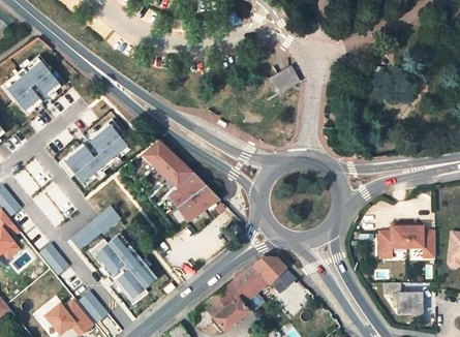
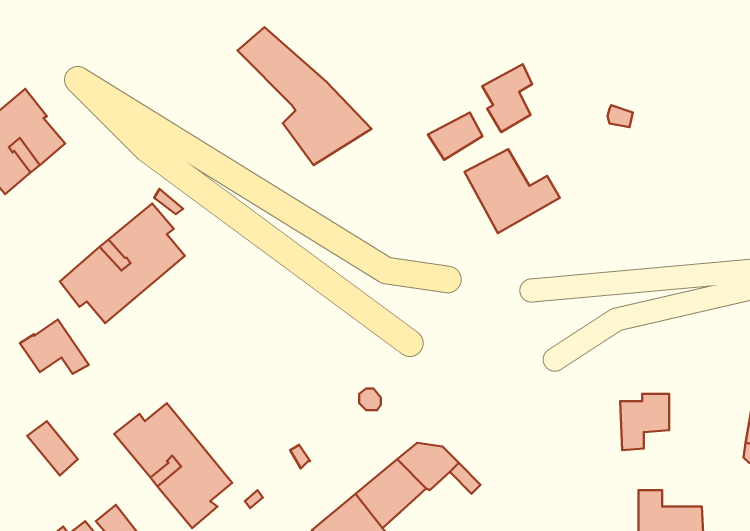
building: none -> [482,64,532,132]
building: none -> [465,149,560,233]
building: [142,141,218,219] -> [237,27,372,165]
building: [70,206,120,250] -> none
building: [405,226,434,258] -> none

